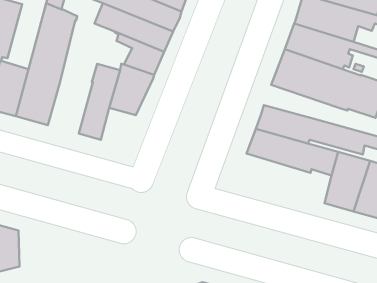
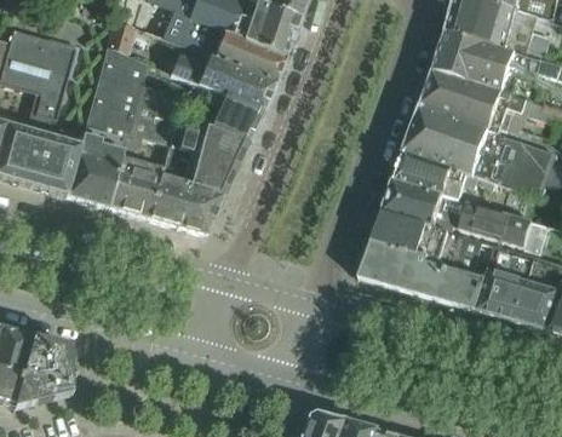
building: none -> [107,69,180,218]
building: none -> [392,154,492,199]
building: none -> [177,184,223,232]
building: none -> [357,245,482,310]

